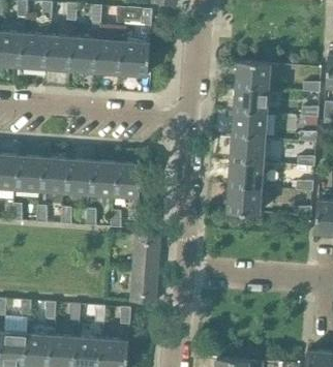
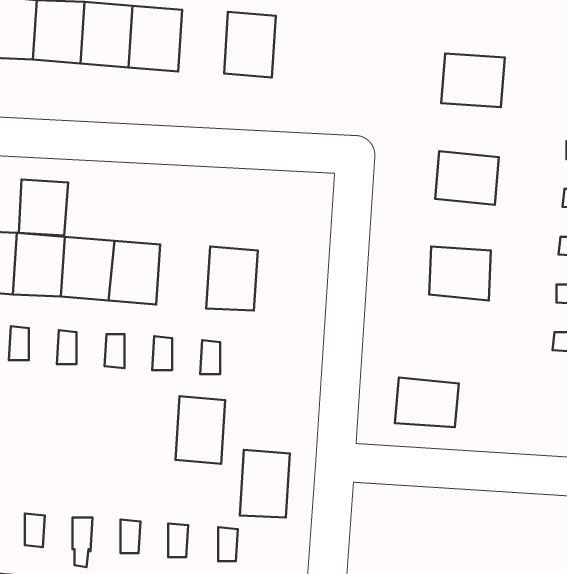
building: [99,40,125,73] -> none
building: [235,89,267,117] -> none
building: none -> [19,179,68,236]
building: [231,139,264,165] -> none
building: [88,162,116,195] -> none
building: [228,188,261,214] -> [395,377,459,427]
building: [133,236,159,271] -> [175,396,225,464]

